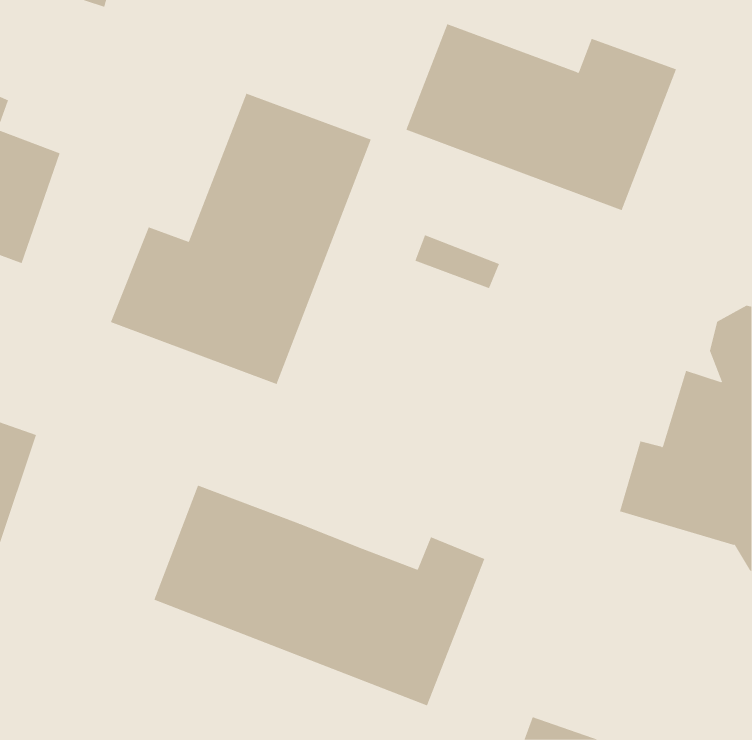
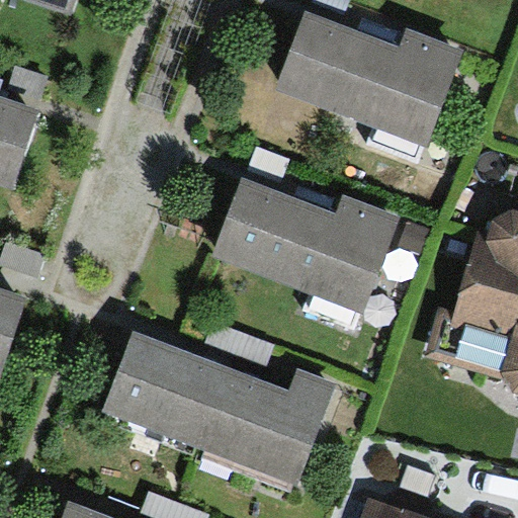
building: [110,93,371,385] -> none
building: none -> [215,181,397,311]

